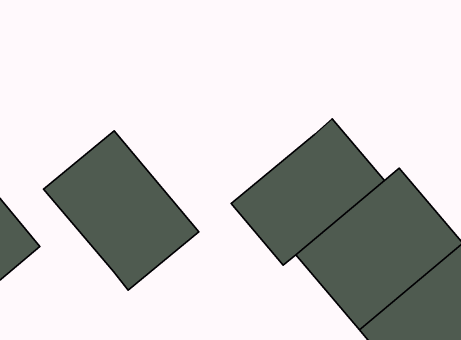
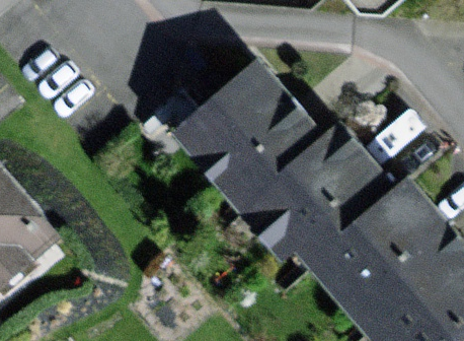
building: none -> [181,67,320,203]
building: [43,131,199,290] -> none

